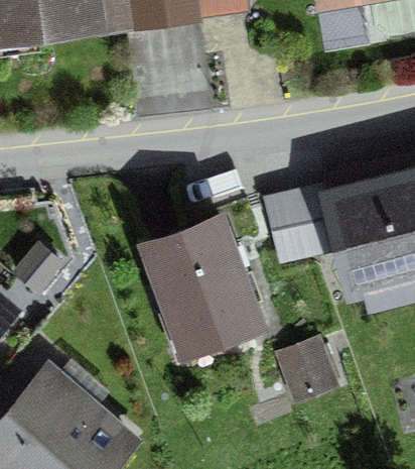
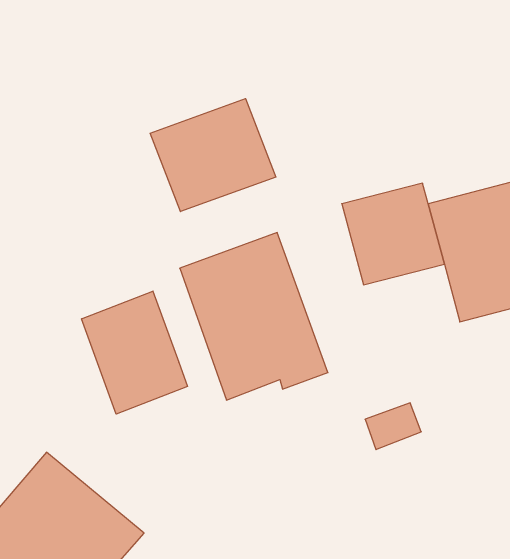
building: none -> [150,99,276,212]
building: none -> [82,291,188,414]

